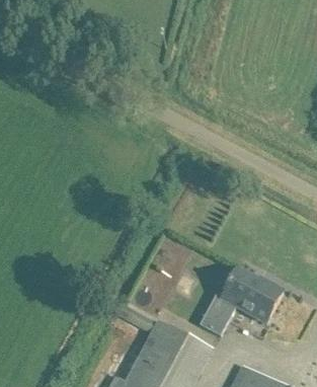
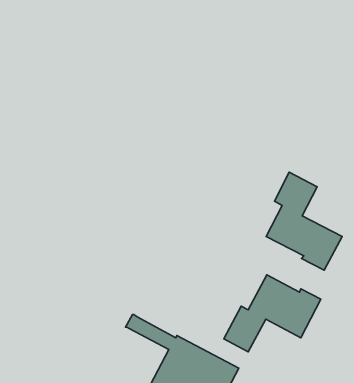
building: none -> [266,172,342,270]

